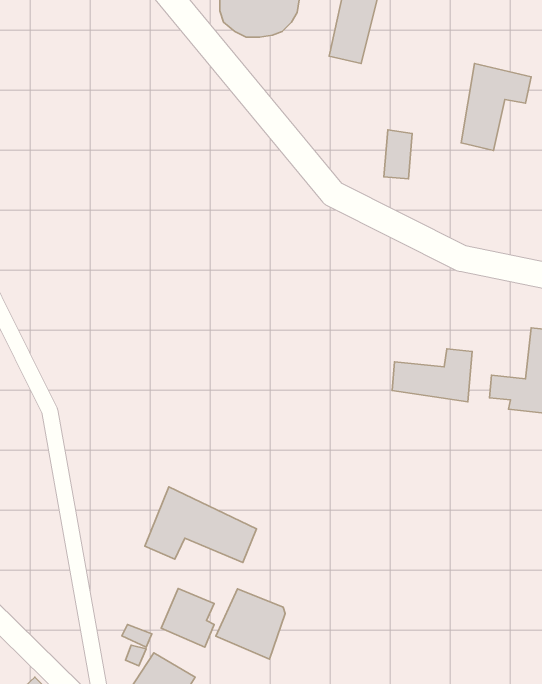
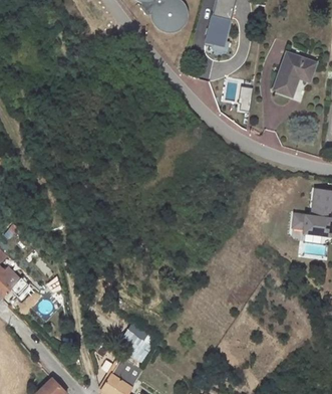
building: [392,349,472,402] -> none
building: [145,487,256,563] -> none
building: [216,589,285,659] -> none

